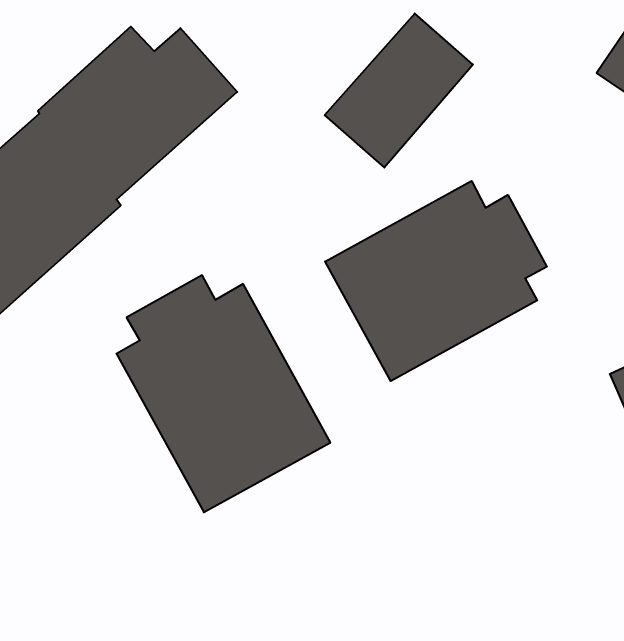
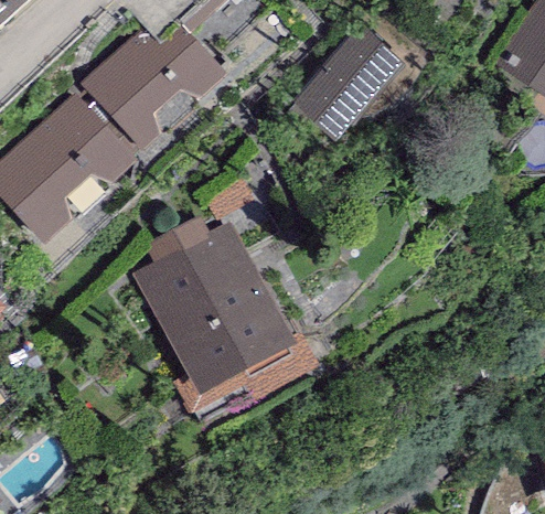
building: [325,181,547,381] -> none

